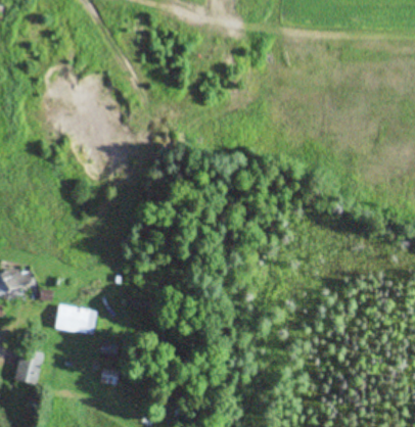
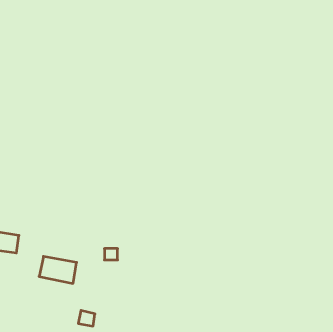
building: [14,347,43,383] -> none

